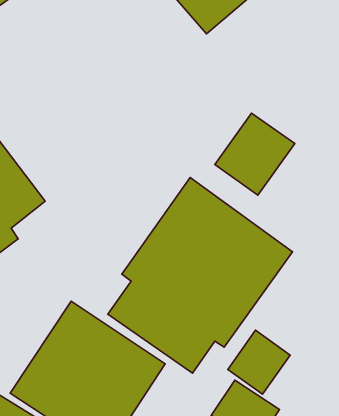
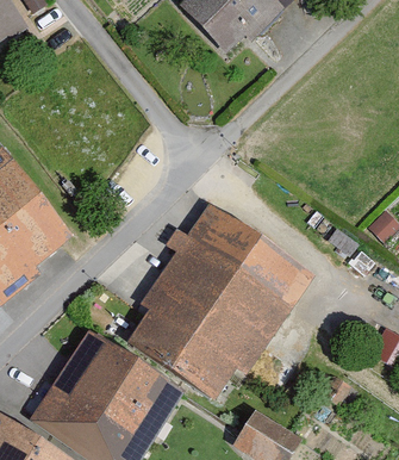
building: [215,113,295,195] -> none
building: [228,330,290,394] -> none

